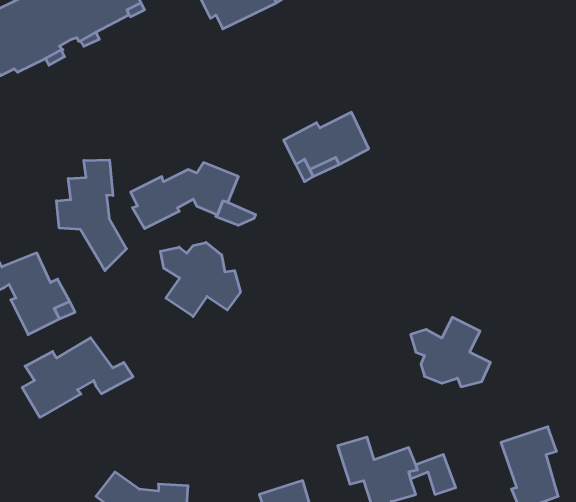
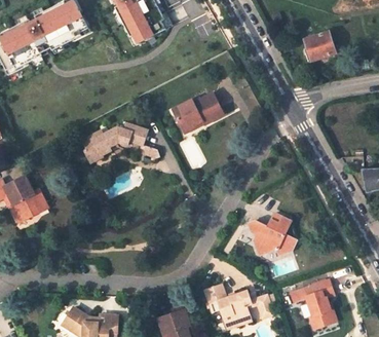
building: none -> [303,31,336,61]
building: [56,160,127,271] -> none
building: [160,242,240,317] -> none
building: [22,338,133,417] -> none

